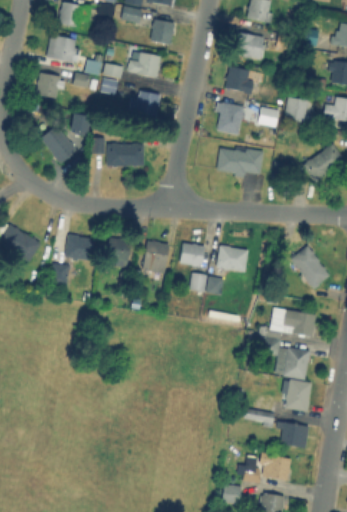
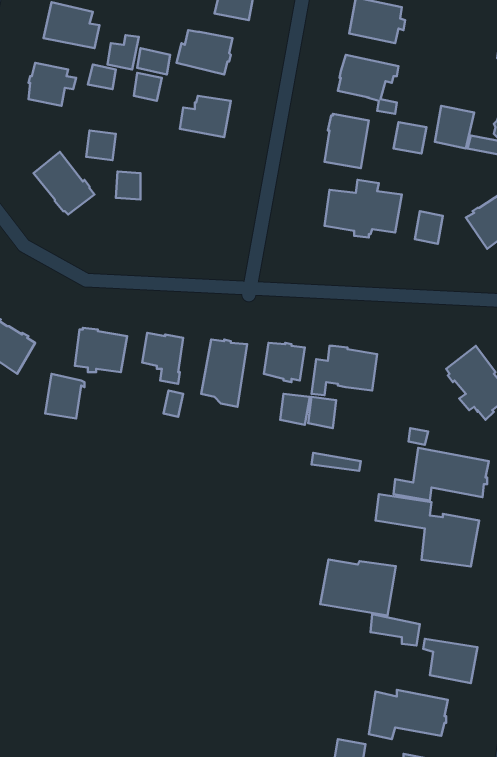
building: [107,144,145,168] -> none
building: [267,377,313,411] -> [320,560,396,616]

